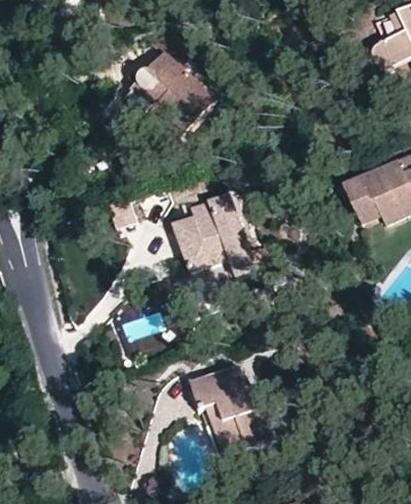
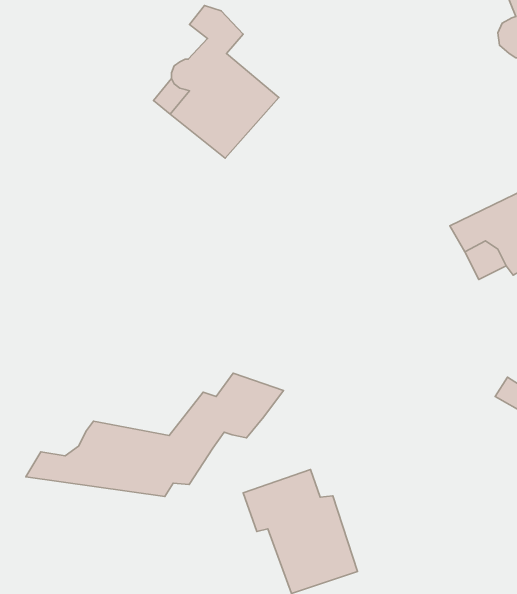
building: [173,193,256,290] -> none
building: none -> [26,373,284,497]

